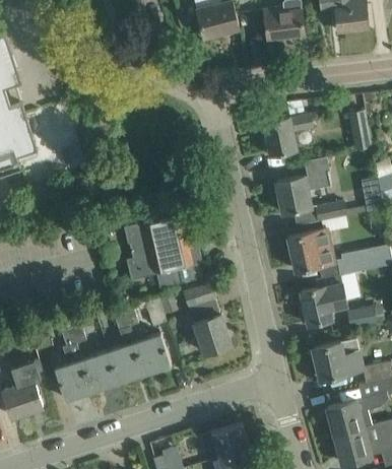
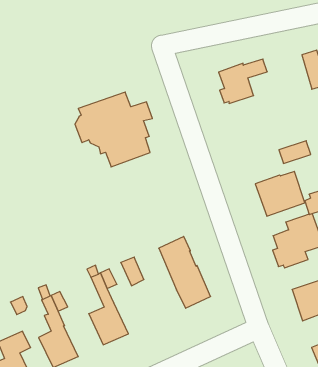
building: [276,171,330,214] -> none
building: [128,215,206,288] -> [75,92,152,167]
building: [133,334,171,375] -> none
building: [80,350,118,392] -> none

